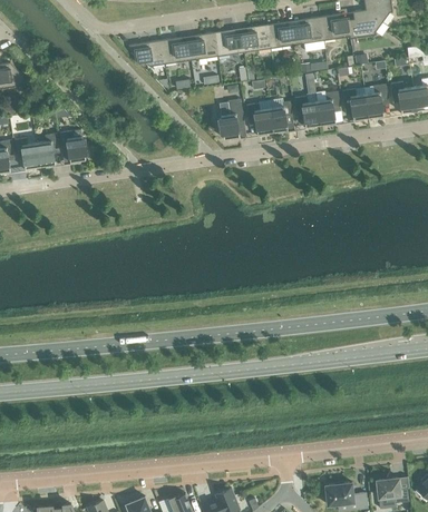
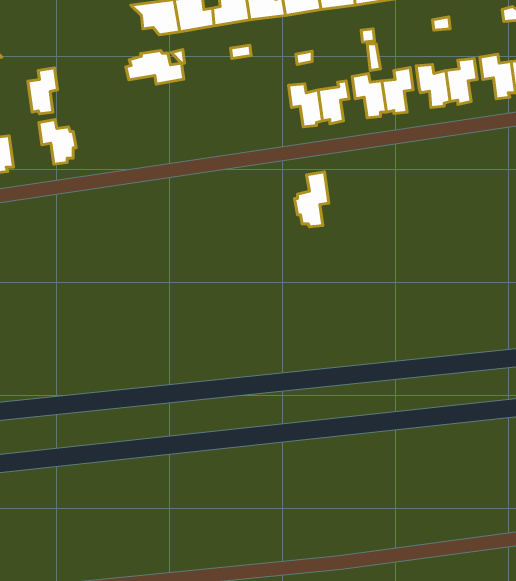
building: none -> [126,51,184,84]
building: [217,99,243,140] -> [295,172,329,227]
building: [36,132,58,167] -> [28,68,57,114]

